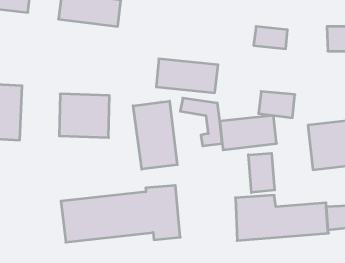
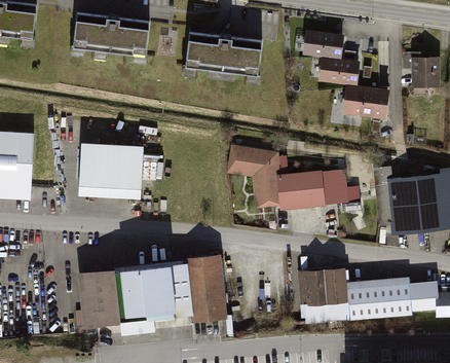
building: none -> [304,31,345,59]
building: [156,59,218,93] -> [189,33,266,75]
building: [259,91,295,118] -> [345,85,390,118]
building: [133,101,177,169] -> none
building: [248,153,275,193] -> none

